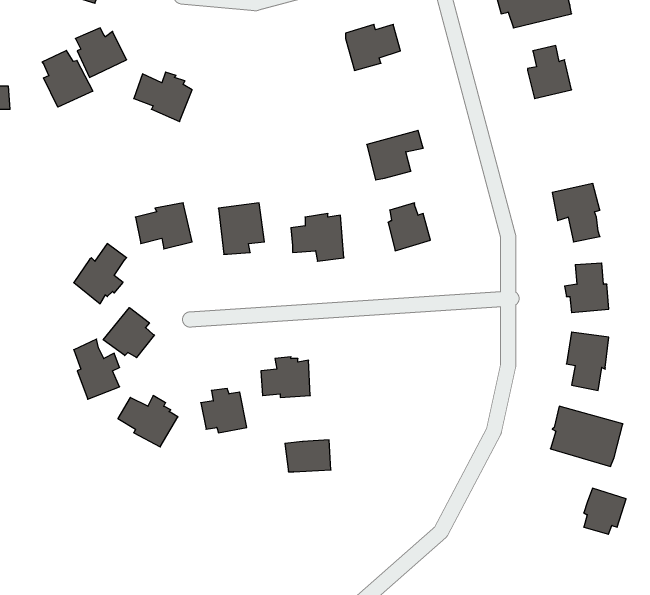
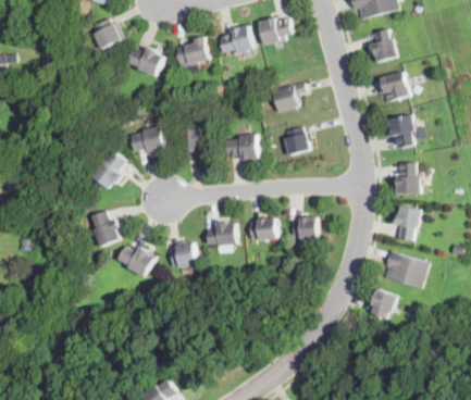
building: none -> [220,25,255,52]
building: [42,50,93,107] -> none
building: none -> [175,36,211,66]
building: none -> [376,72,410,102]
building: [103,308,154,358] -> none
building: none -> [293,216,319,239]
building: [285,440,331,472] -> [249,220,277,239]
building: [584,488,626,534] -> [372,289,398,317]

